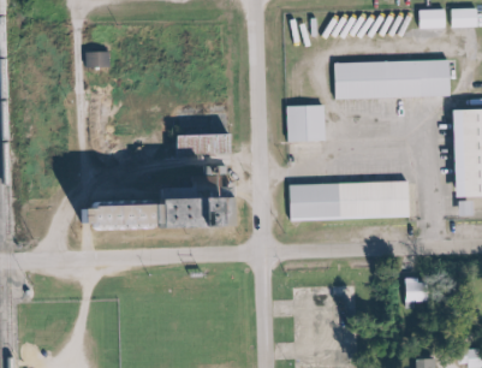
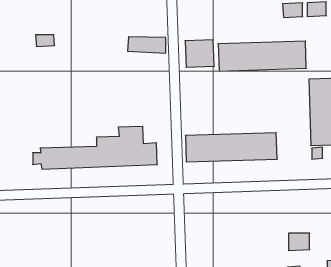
building: [281,106,320,142] -> [185,40,214,67]
building: [188,133,238,155] -> [128,37,166,53]
building: [407,279,435,302] -> [289,233,310,251]

